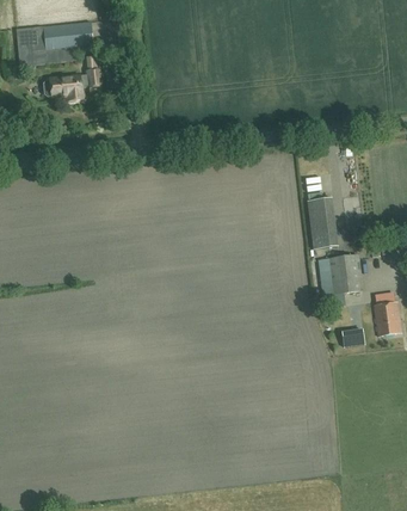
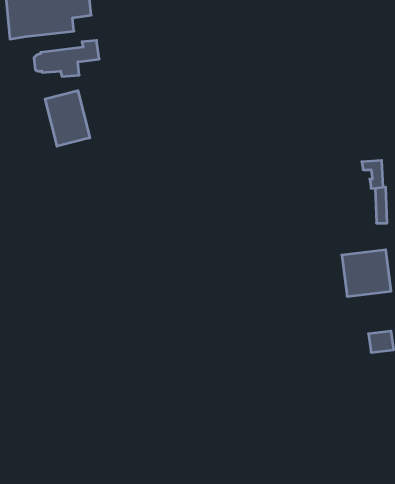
building: none -> [45,91,90,146]
building: [309,195,339,245] -> none

